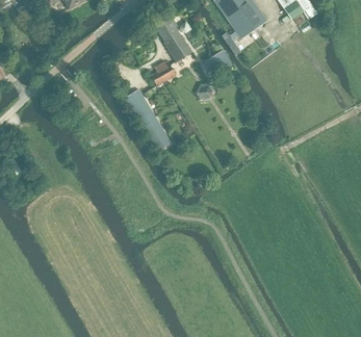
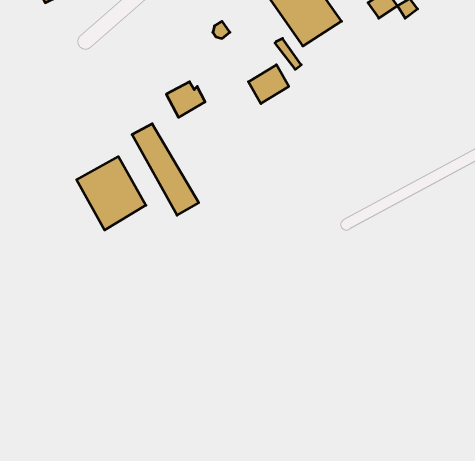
building: [154,17,190,61] -> none
building: none -> [77,157,146,230]

